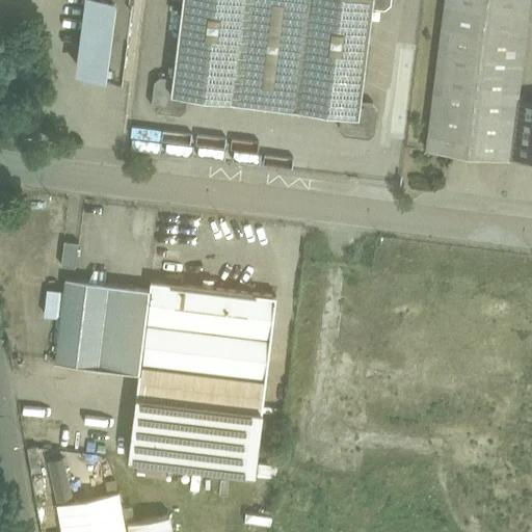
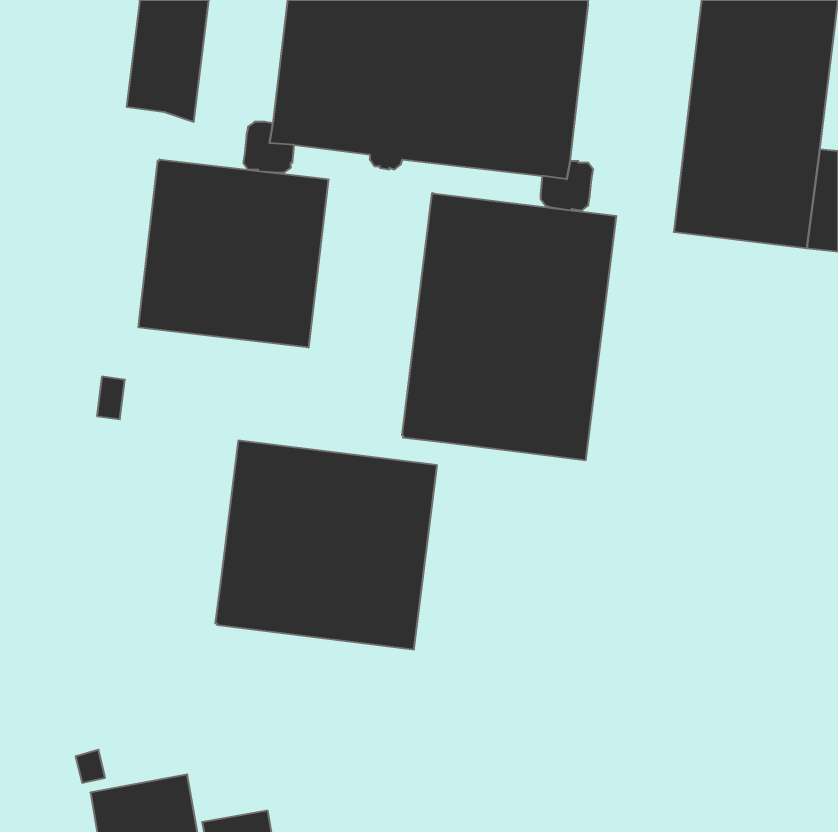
building: none -> [138,159,328,348]
building: none -> [402,193,616,460]
building: [55,282,150,375] -> none
building: [129,400,262,477] -> none

